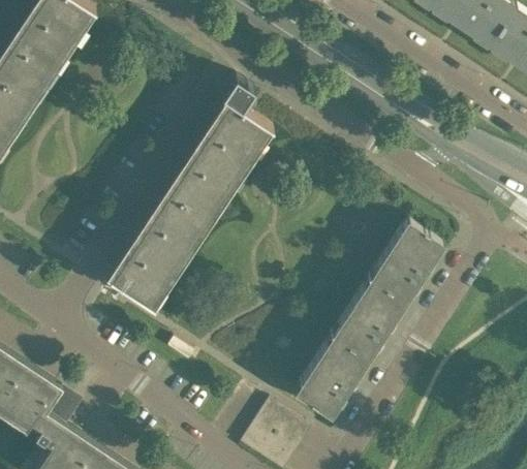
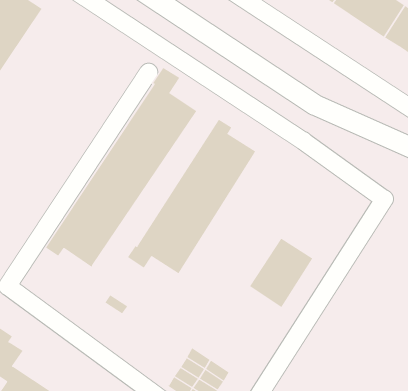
building: none -> [127,119,256,274]
building: [371,223,444,303] -> none
building: [296,335,372,419] -> none

